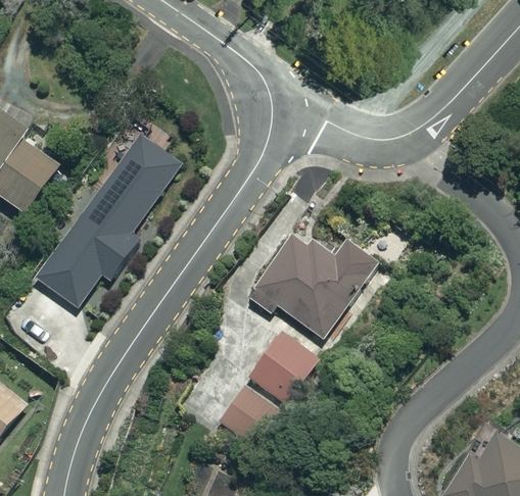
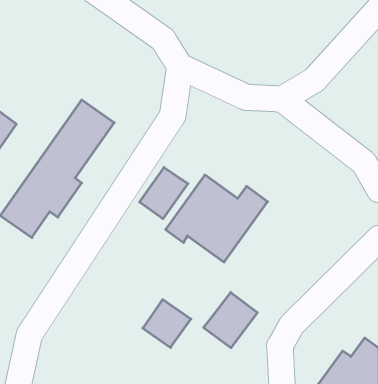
building: none -> [140,167,188,219]
building: [246,332,314,401] -> [204,292,257,348]

